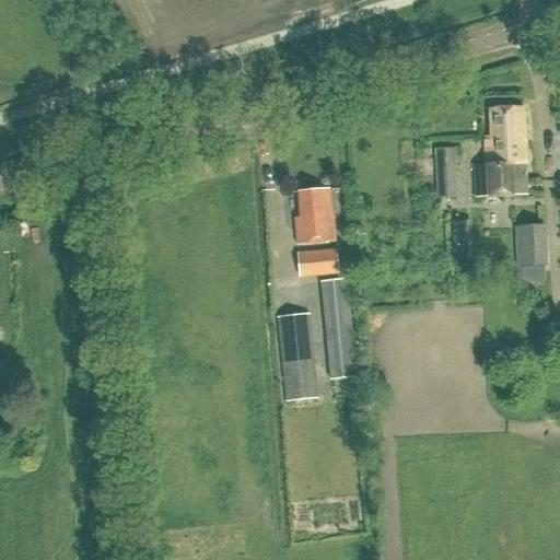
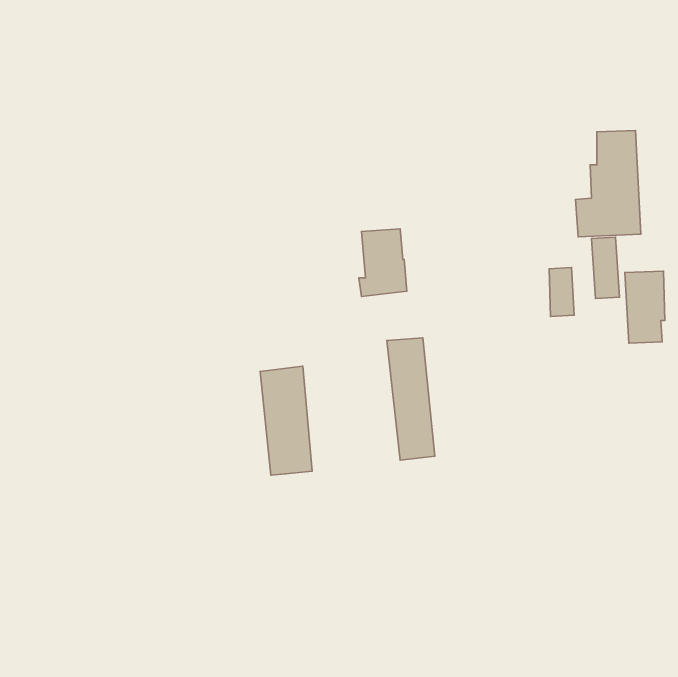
building: [435,147,458,197] -> [592,237,619,298]
building: [299,248,338,275] -> none
building: [277,311,319,400] -> [260,366,312,475]

